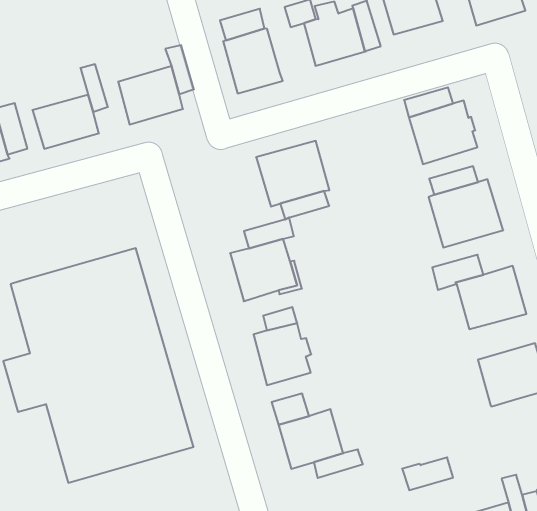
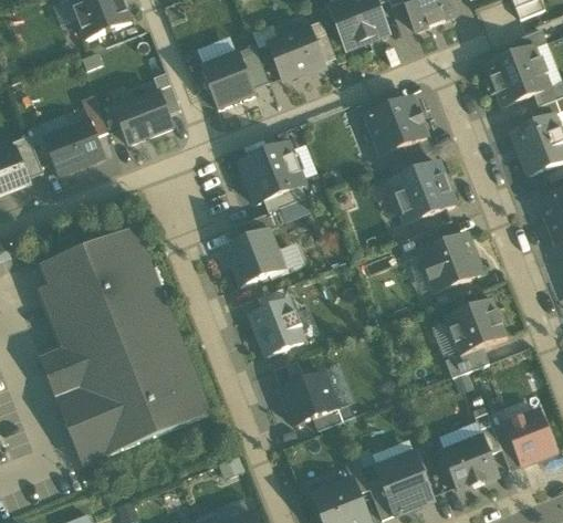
building: none -> [238,45,269,88]
building: none -> [40,229,144,287]
building: none -> [56,390,105,464]
building: [402,457,453,490] -> [445,347,489,378]

